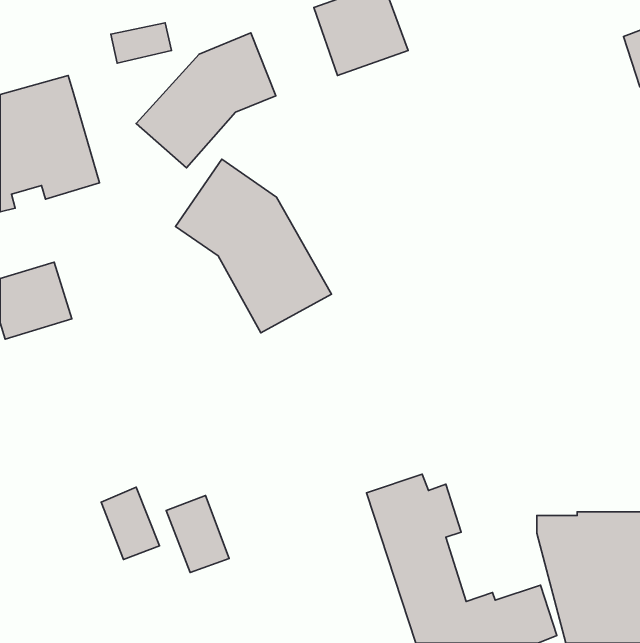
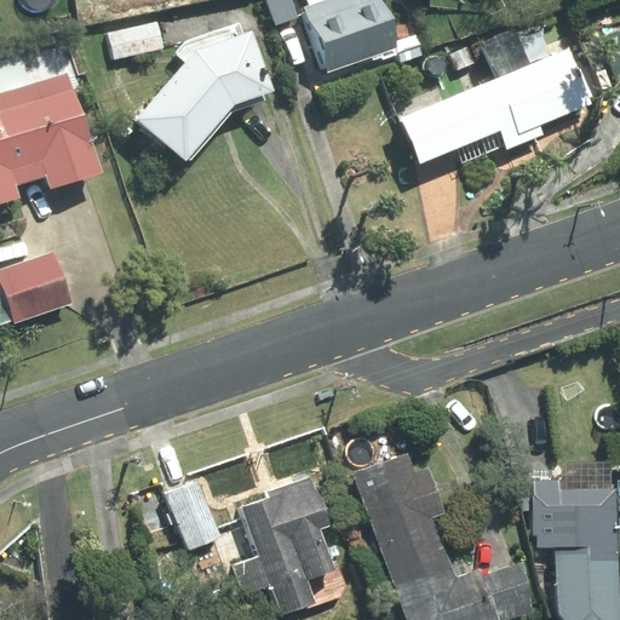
building: none -> [397,15,607,163]
building: [176,159,332,333] -> none
building: [101,487,159,560] -> none
building: none -> [230,473,335,613]

